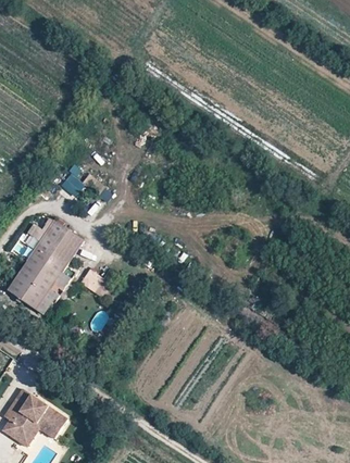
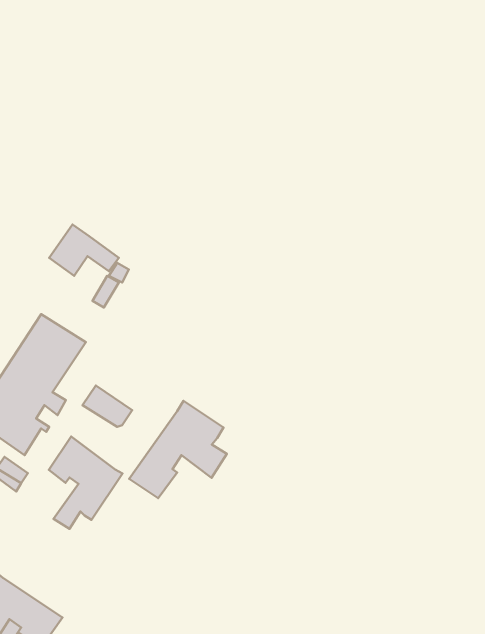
building: none -> [129,401,227,498]
building: none -> [49,436,122,529]

